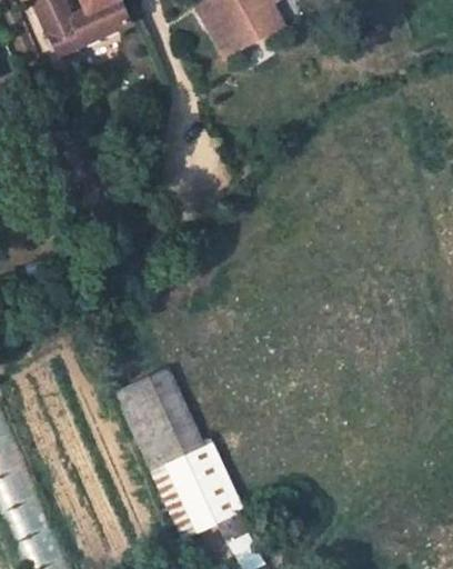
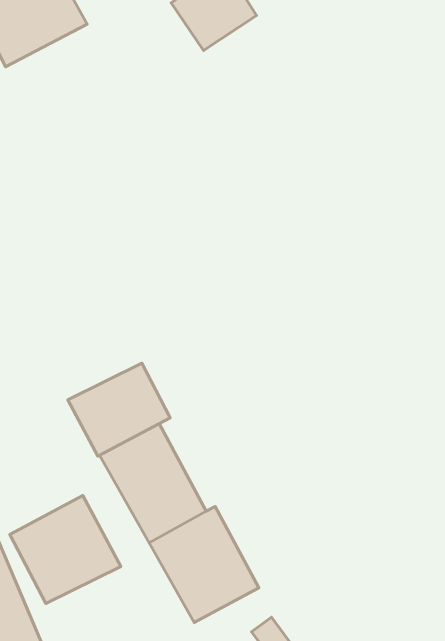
building: none -> [68,363,170,456]
building: none -> [10,495,121,603]

